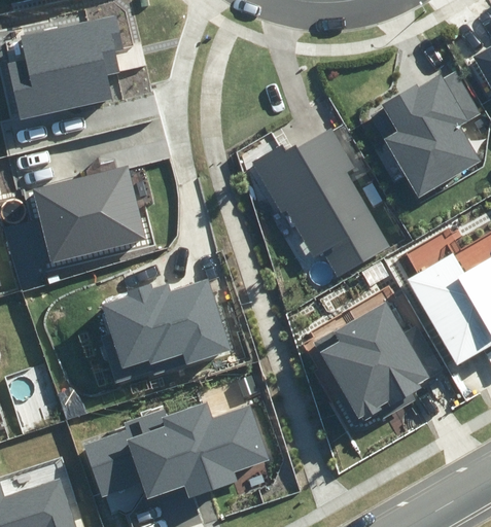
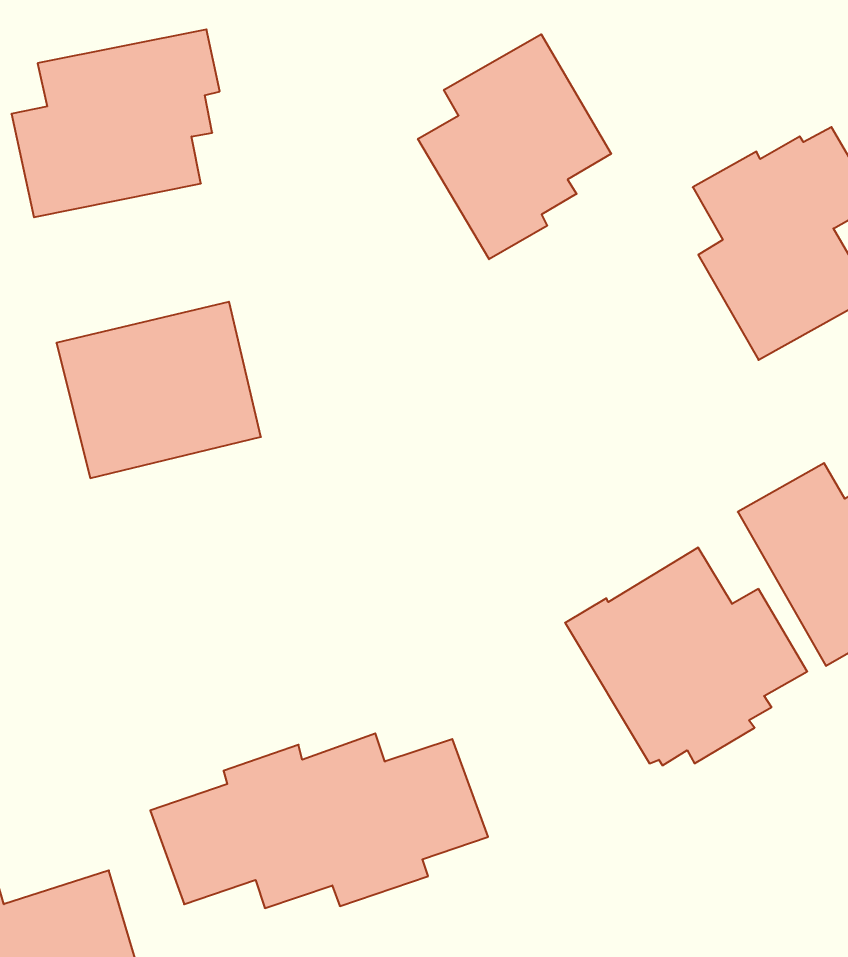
building: none -> [418,34,611,259]
building: [251,129,389,277] -> none
building: [98,280,229,382] -> none

